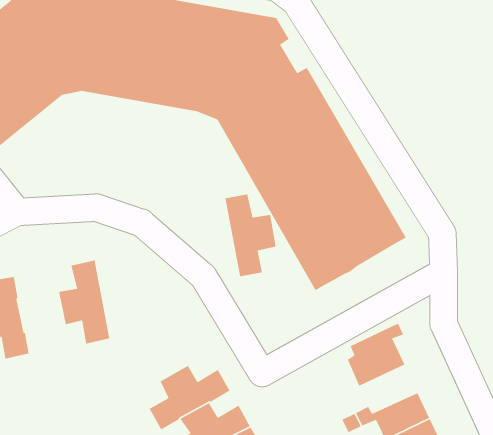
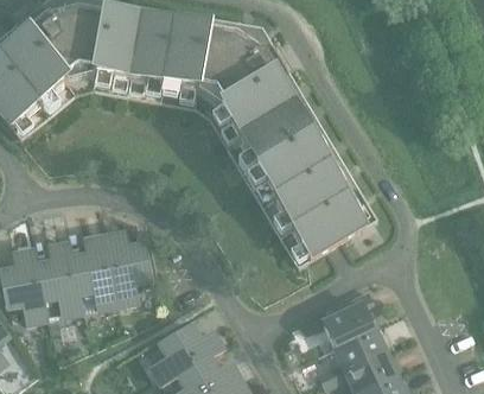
building: [224,194,276,277] -> [104,234,149,306]
building: none -> [37,244,83,317]
building: none -> [333,329,384,370]

